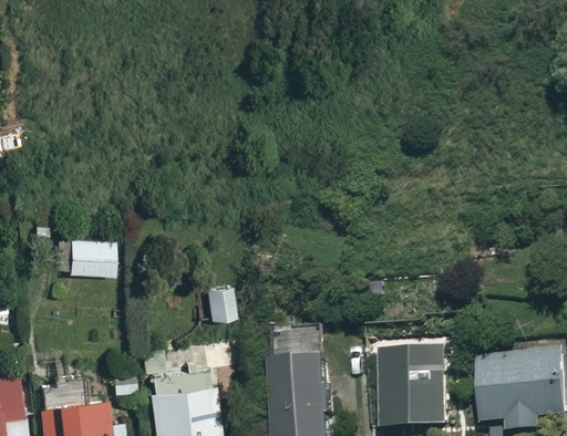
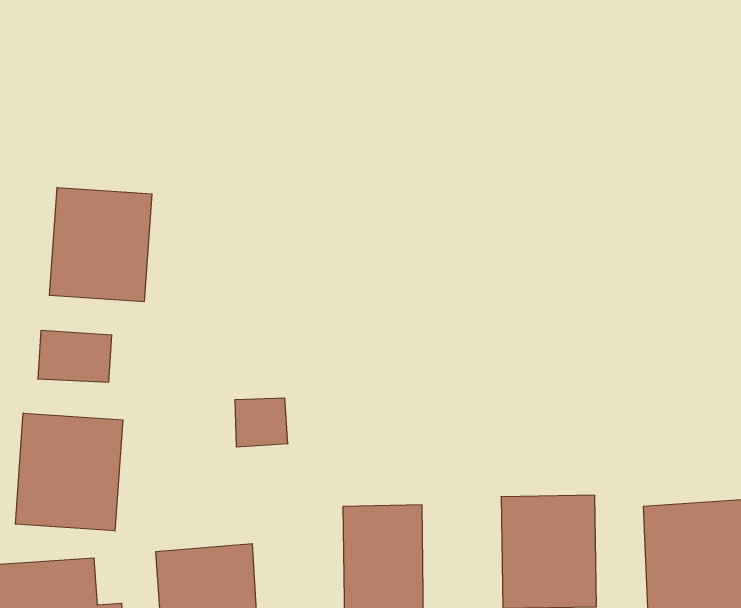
building: none -> [50,187,152,302]
building: none -> [15,413,123,531]

